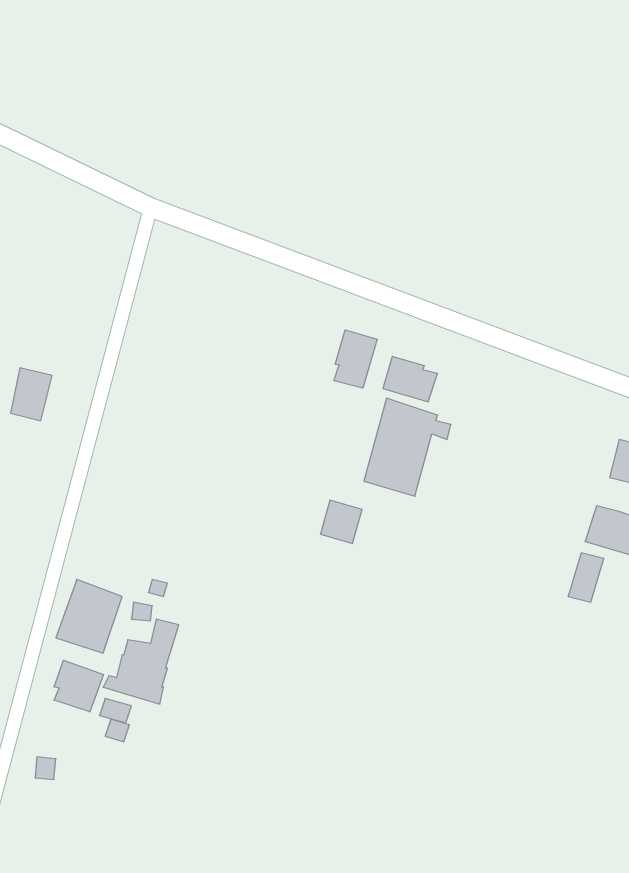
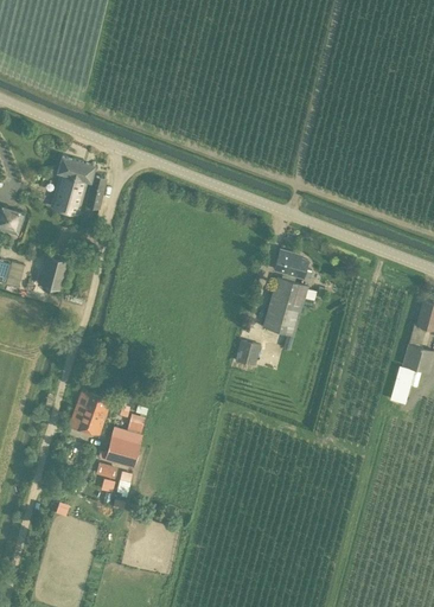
building: none -> [51,158,106,215]
building: [334,330,377,388] -> none
building: [54,660,103,712] -> none

